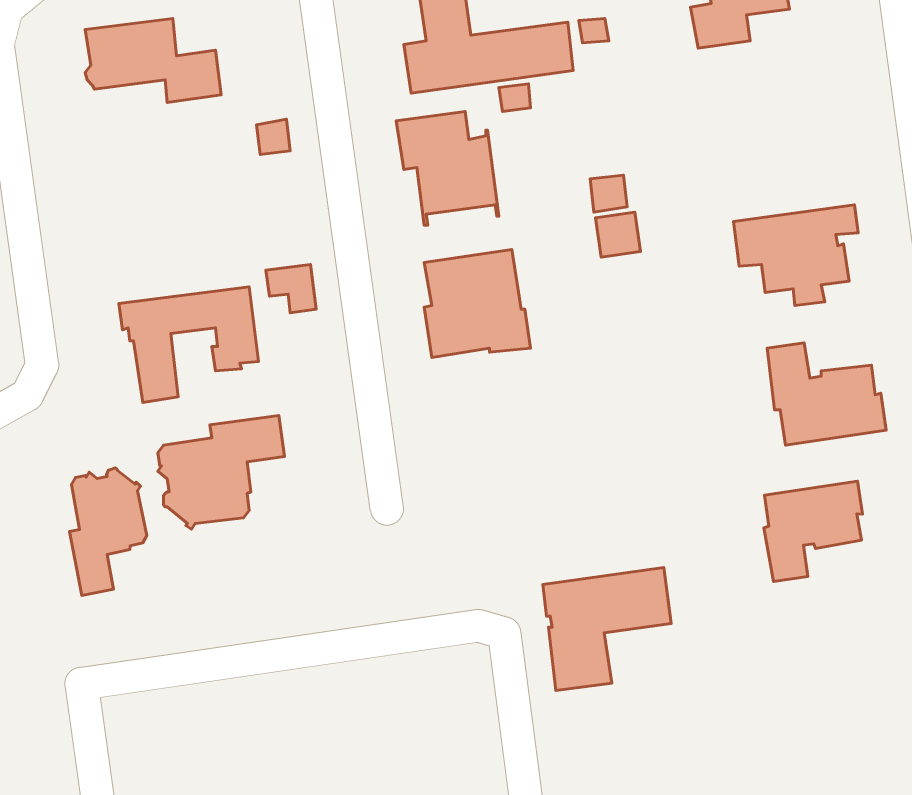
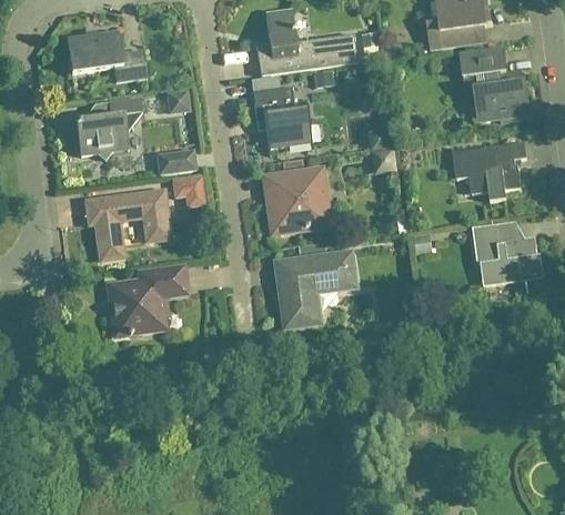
building: none -> [460,51,528,120]
building: none -> [74,97,141,159]
building: none -> [157,149,195,173]
building: [70,468,147,596] -> none
building: [764,481,862,581] -> none
building: [543,568,671,691] -> [276,252,353,325]

